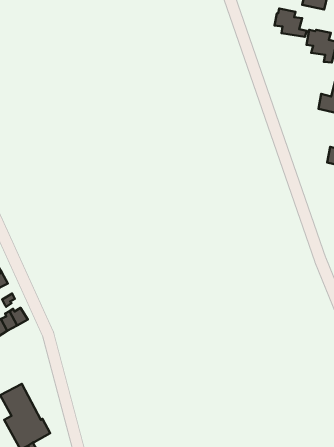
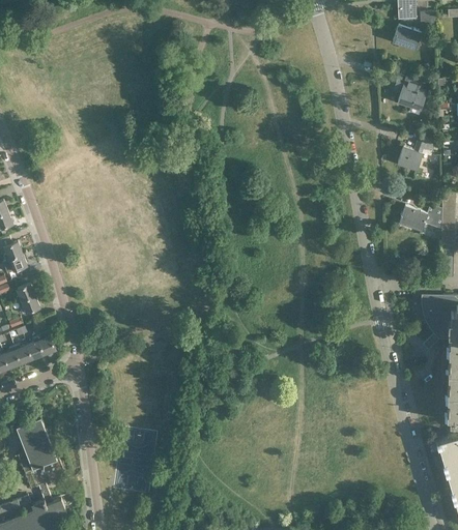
building: [274,8,307,37] -> none

